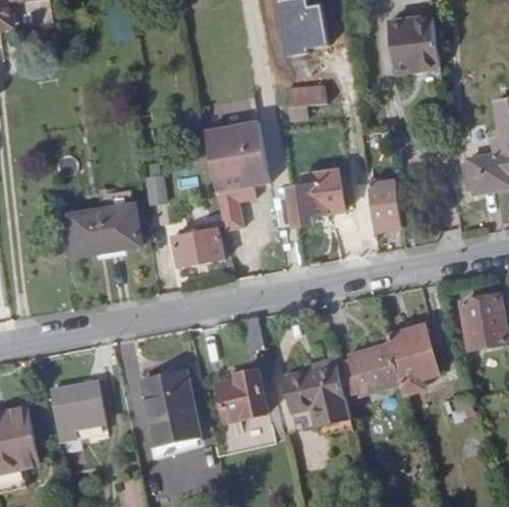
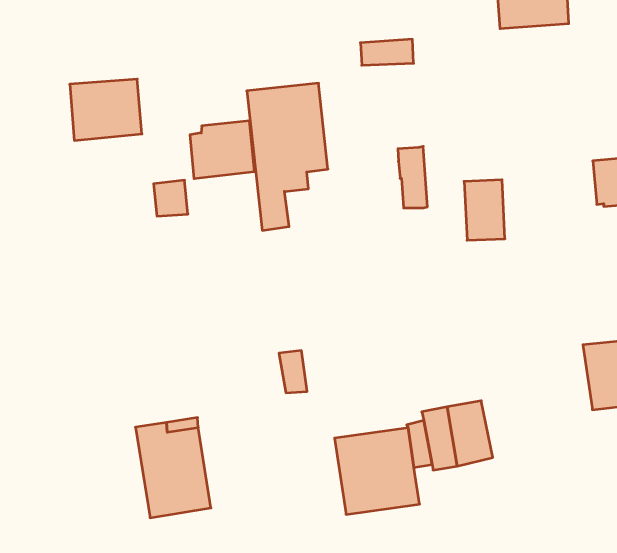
building: [289,184,325,225] -> none
building: [69,205,124,252] -> [70,79,142,140]
building: [171,222,220,267] -> [190,121,254,179]
building: [391,324,439,383] -> none
building: [218,368,266,418] -> none
building: [53,383,104,440] -> none

